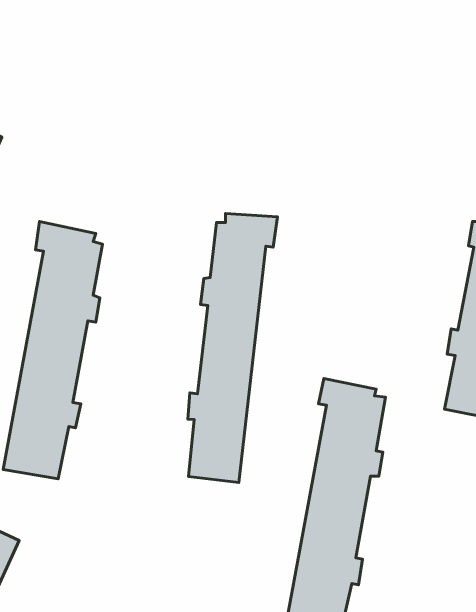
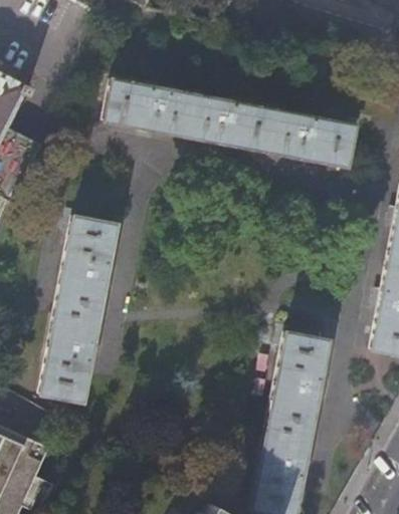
building: none -> [103,82,359,169]
building: [188,213,278,482] -> none

